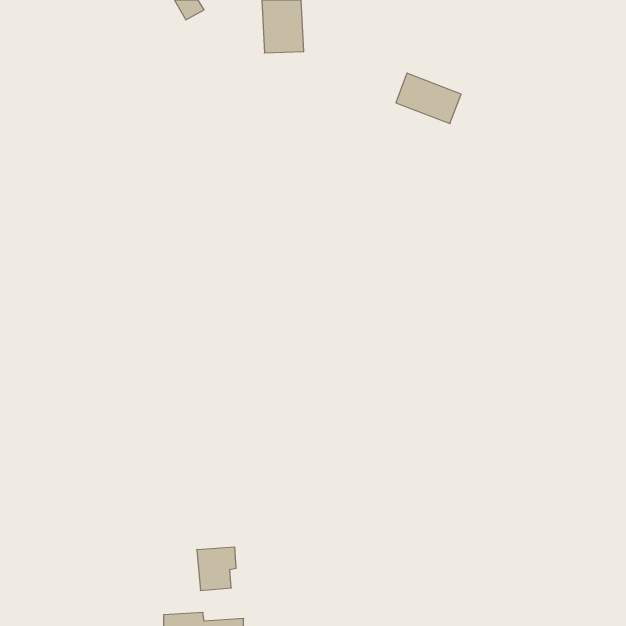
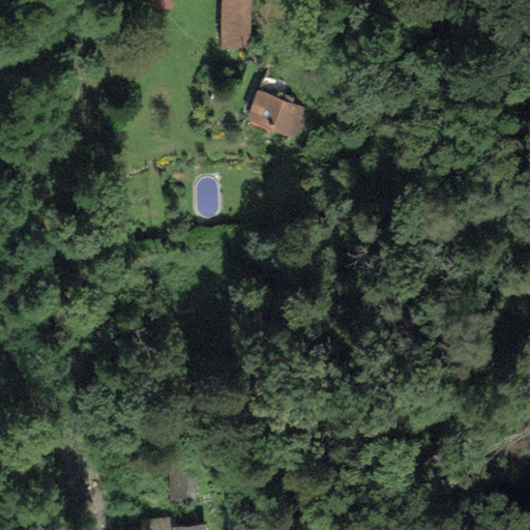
building: [396,73,461,124] -> [248,92,303,135]

